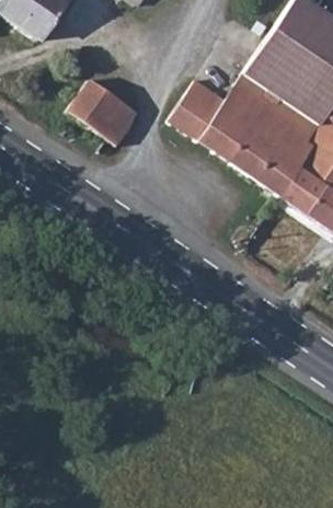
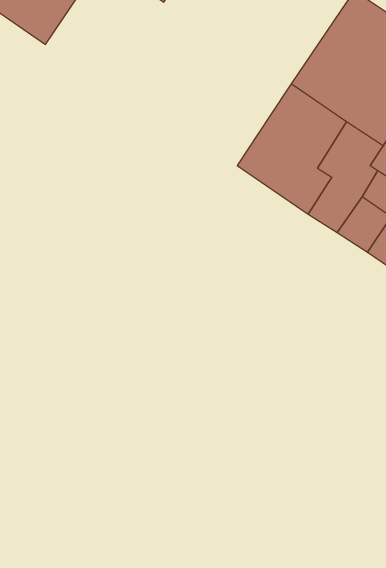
building: [68,79,138,146] -> none
building: [169,79,227,140] -> none

